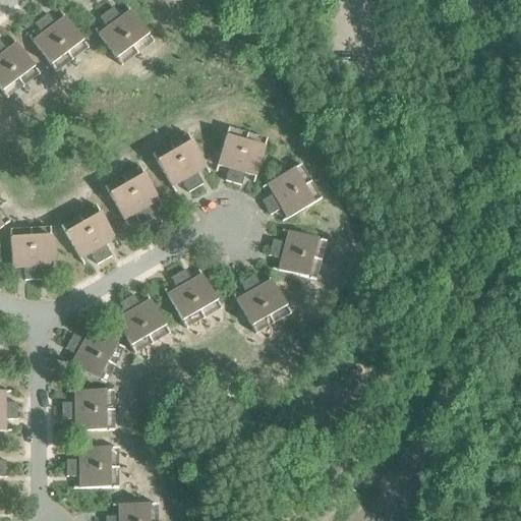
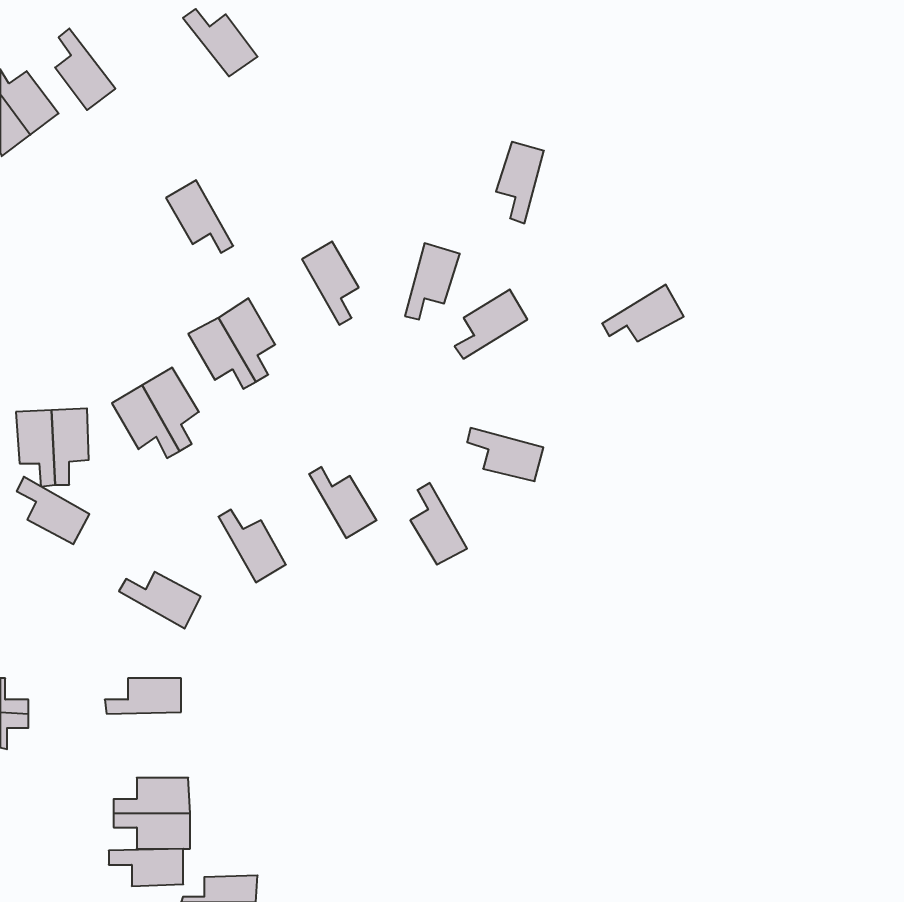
building: [99,10,133,56] -> none
building: [42,11,83,51] -> none
building: [218,134,245,181] -> [496,142,544,223]
building: [158,149,196,190] -> [166,180,233,253]
building: [268,183,314,216] -> [602,285,684,341]
building: [272,229,319,256] -> none
building: [168,272,200,319] -> none
building: [248,273,287,314] -> none
building: [116,296,149,344] -> none
building: [66,339,108,378] -> [17,477,89,544]
building: [63,408,106,429] -> [109,849,183,886]

